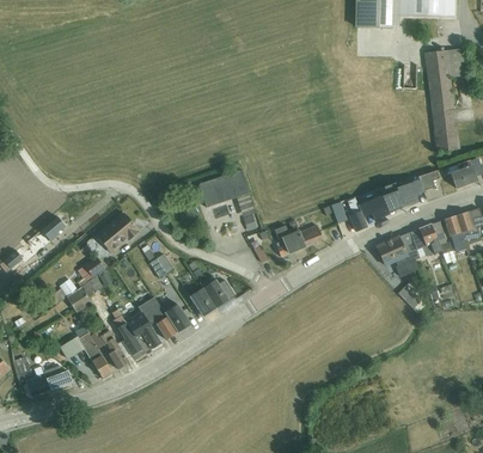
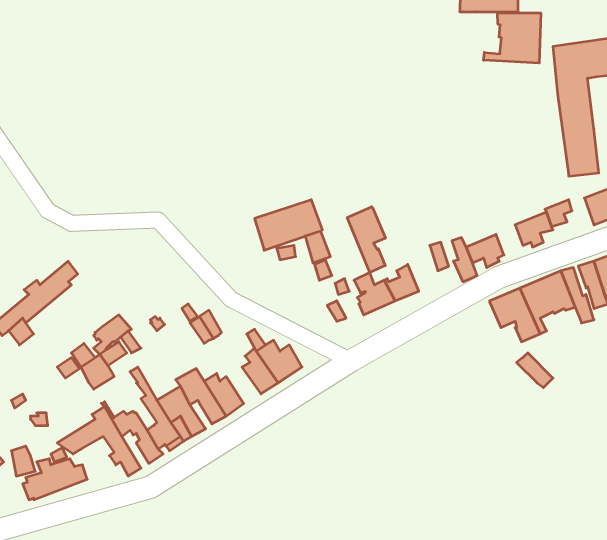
building: none -> [484,13,541,63]
building: none -> [347,207,385,273]
building: [96,213,137,252] -> none

